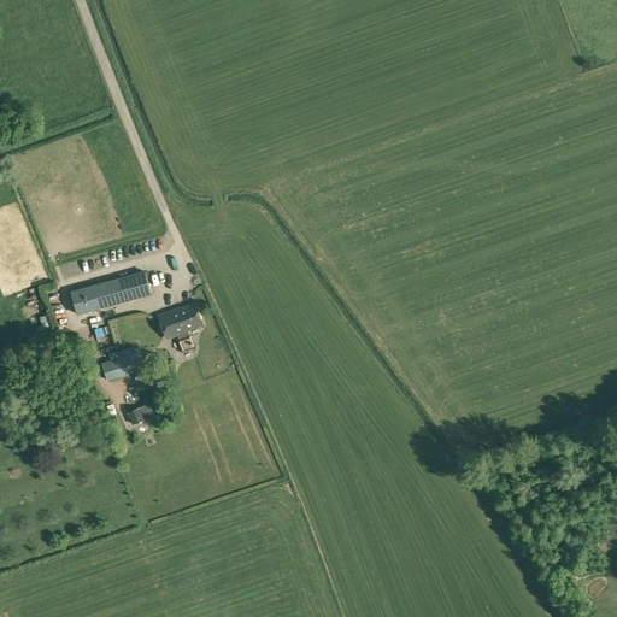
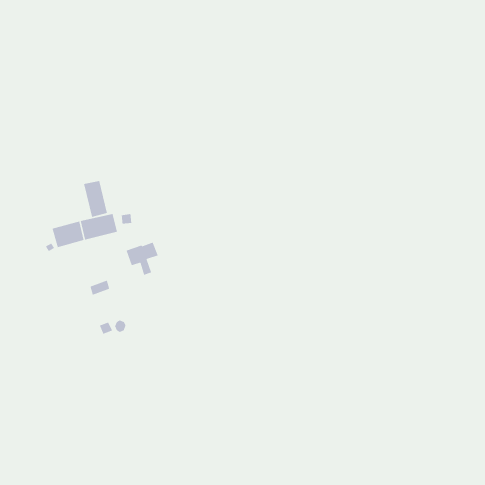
building: none -> [83,180,108,218]

